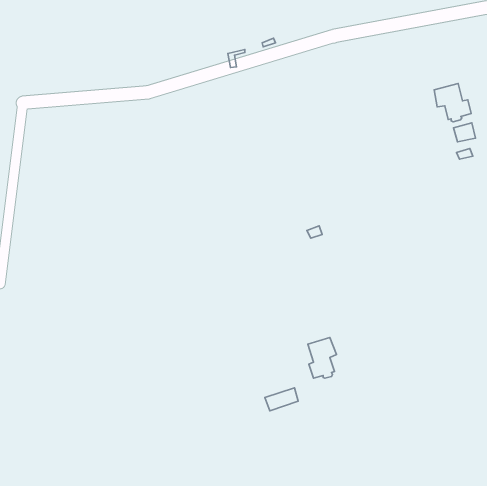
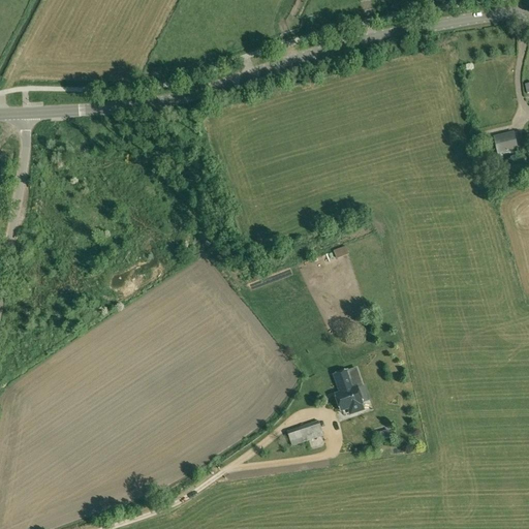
building: [434,84,471,122] -> none

